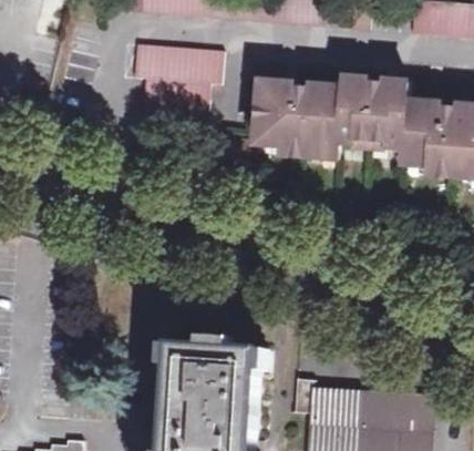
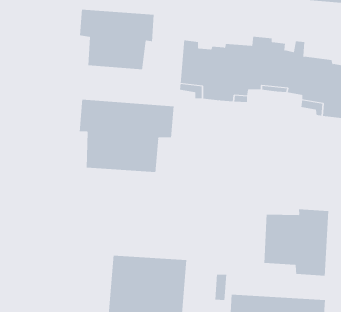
building: none -> [79,99,174,173]
building: none -> [264,209,329,276]

